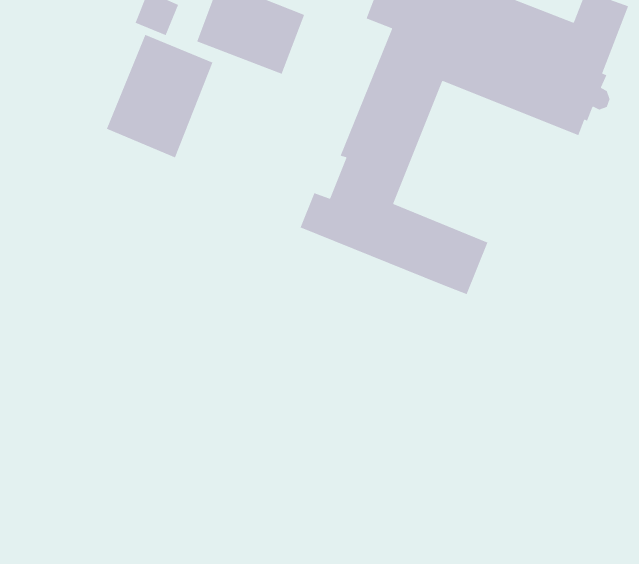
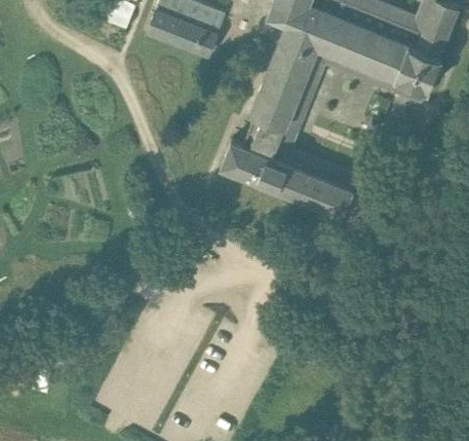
building: [106,34,213,159] -> none

